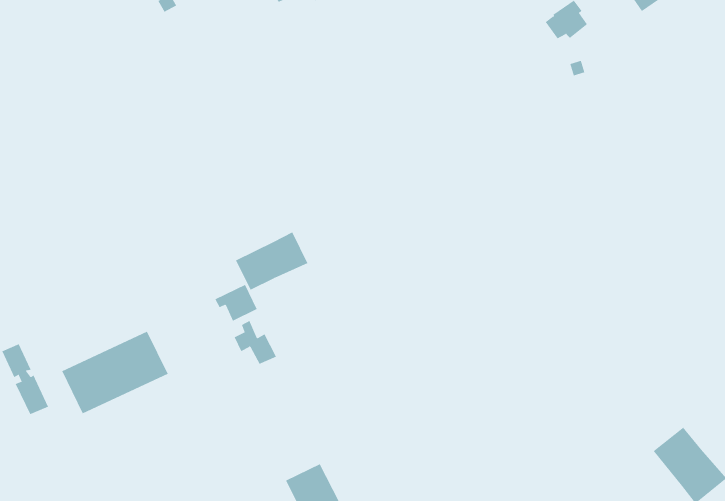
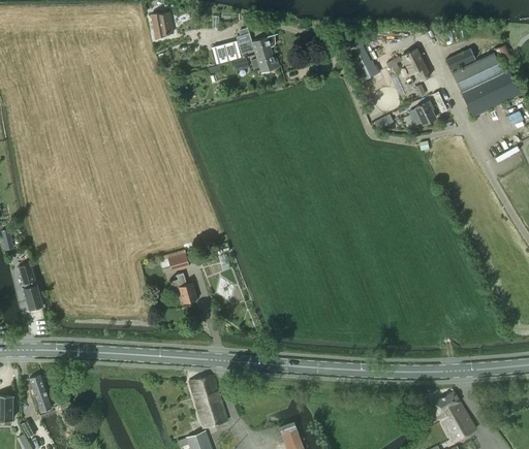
building: [235,231,308,290] -> none
building: [61,331,168,414] -> none

